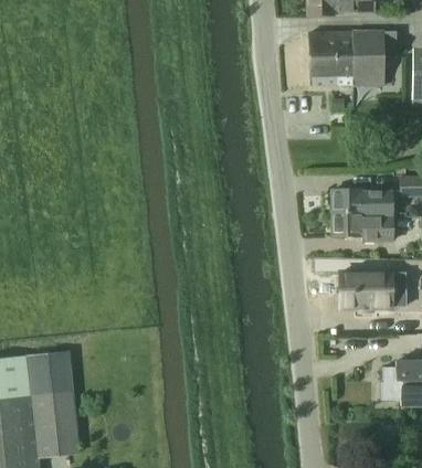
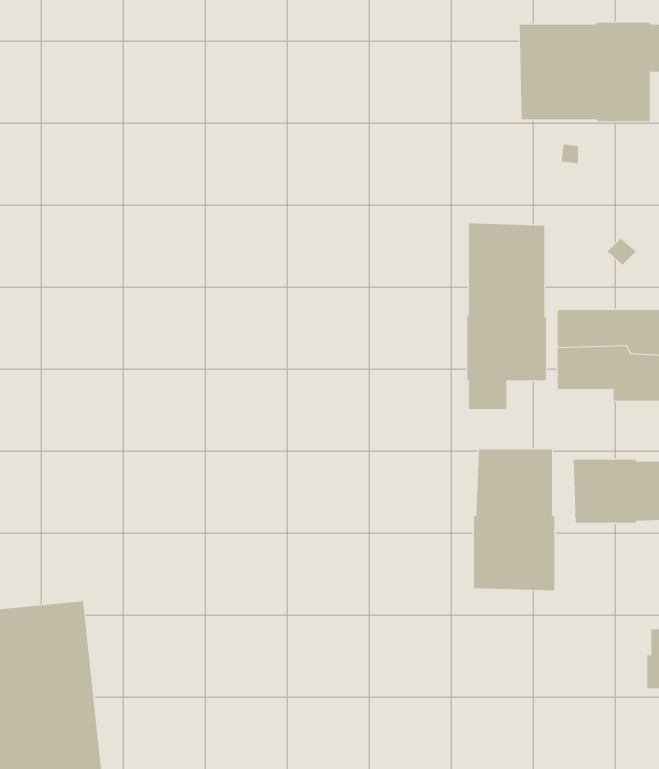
building: none -> [467,223,546,410]
building: none -> [473,449,555,591]

